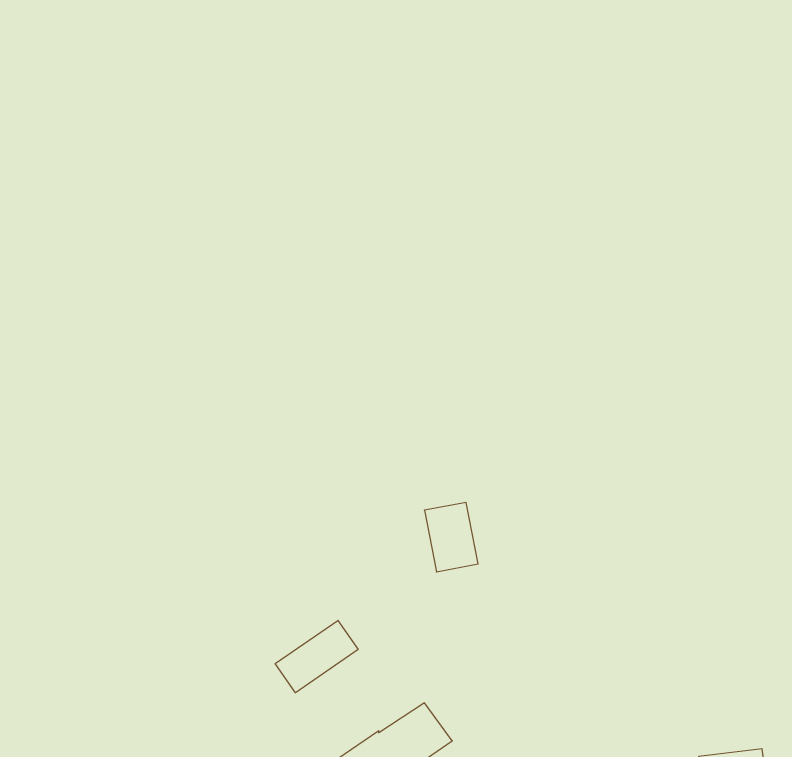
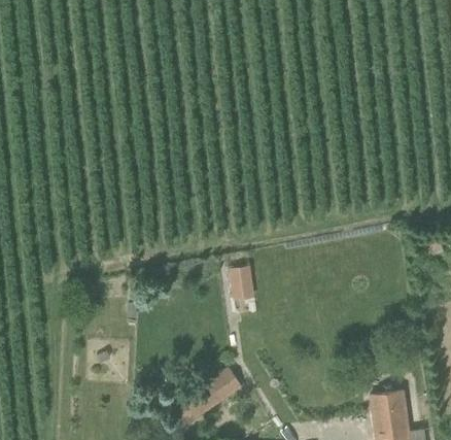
building: [275,620,358,693] -> none

